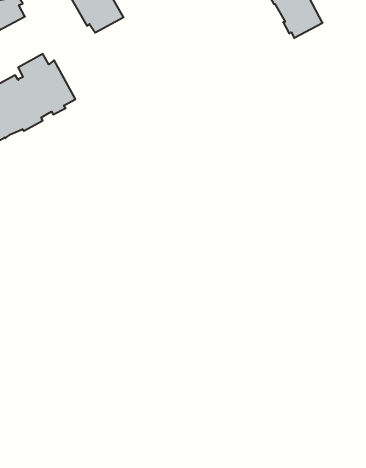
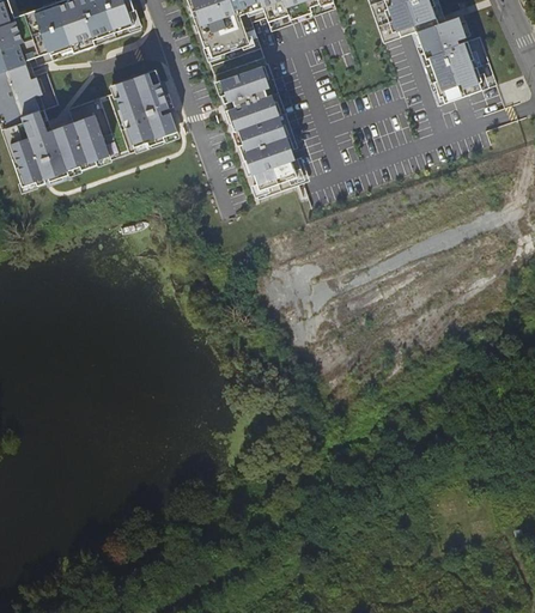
building: none -> [209,43,293,180]

